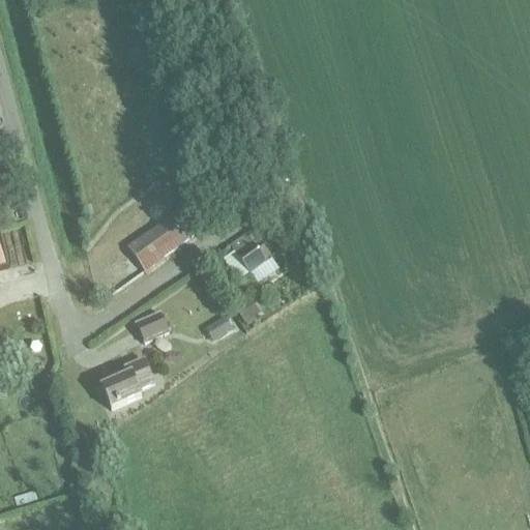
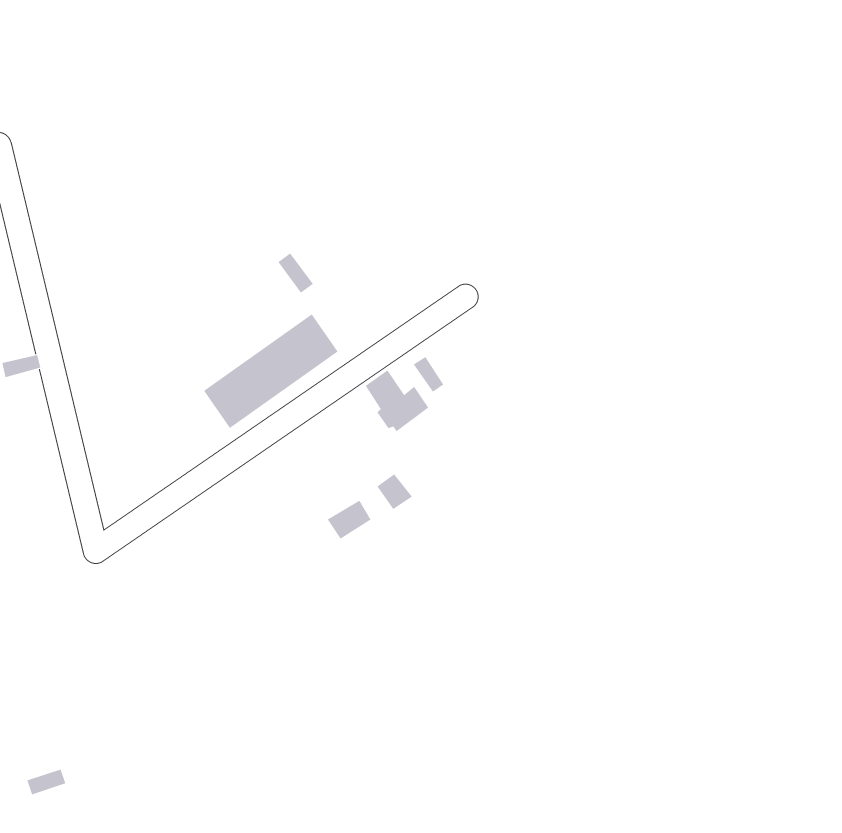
building: [136,312,168,342] -> none
building: [100,357,154,408] -> none

